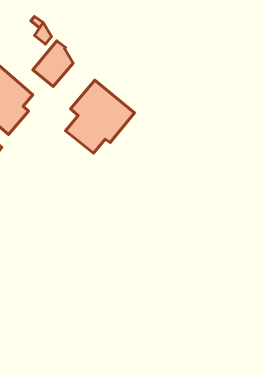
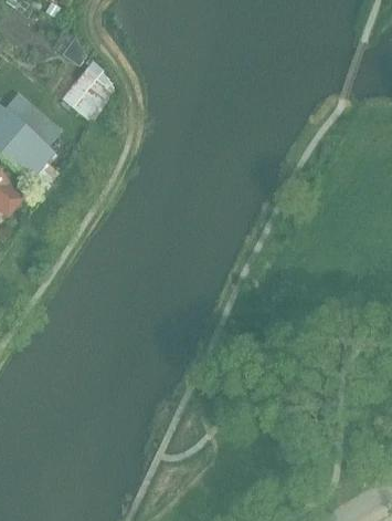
building: [65,80,135,153] -> none

